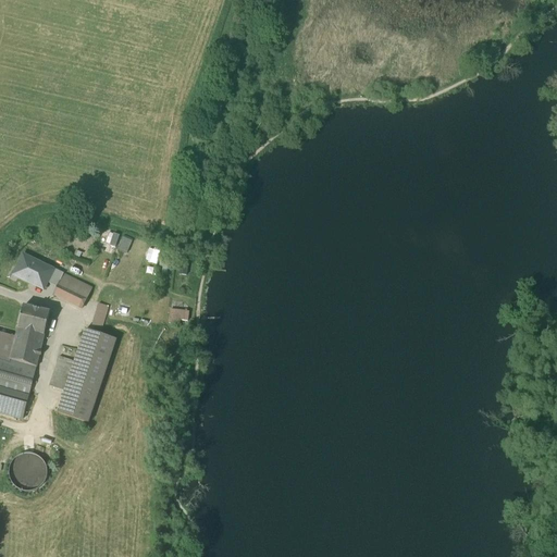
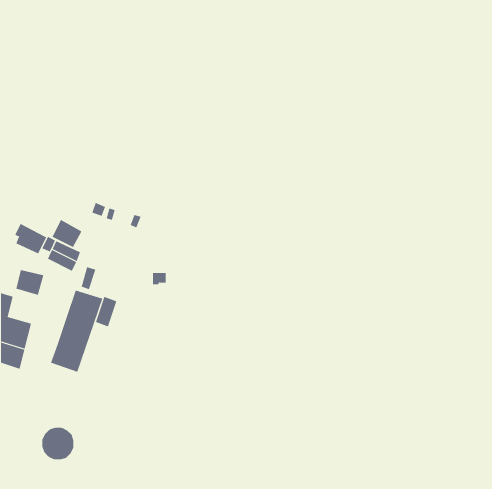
building: none -> [52,219,82,248]
building: [10,326,44,366] -> none
building: [49,355,74,389] -> [95,296,117,327]
building: [9,451,46,488] -> [42,427,74,460]

